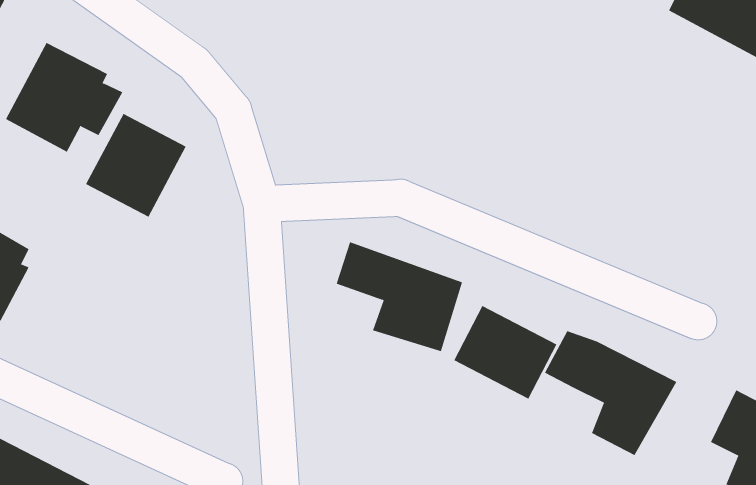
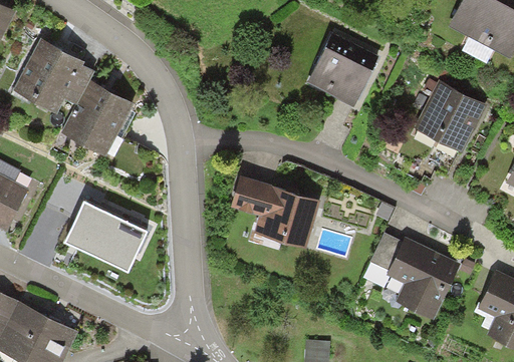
building: none -> [310,37,376,100]
building: none -> [414,81,482,151]
building: none -> [68,210,145,274]
building: [454,305,557,400] -> none

